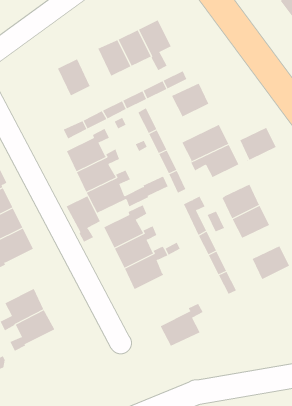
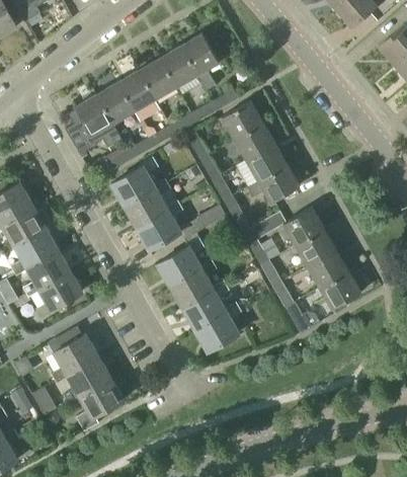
building: none -> [117,70,155,111]
building: none -> [64,94,123,148]
building: [239,127,277,165] -> [235,123,275,166]
building: [66,196,101,243] -> none
building: none -> [308,250,349,288]
building: [160,303,204,346] -> [194,302,241,350]
building: none -> [75,378,124,430]

